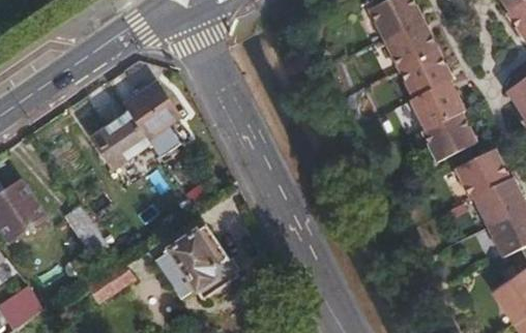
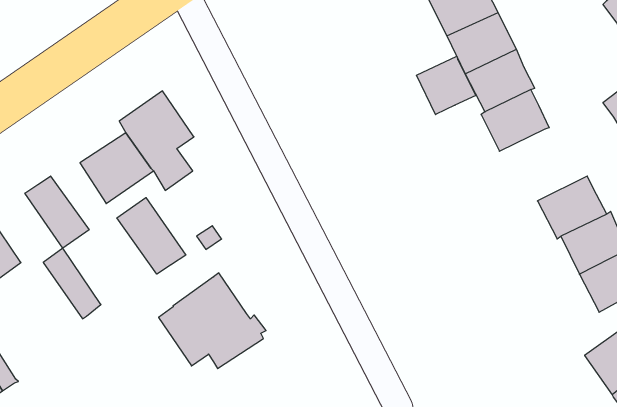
building: none -> [416,56,476,115]
building: [421,111,476,162] -> none
building: none -> [25,176,89,248]
building: none -> [117,198,186,274]
building: [88,261,135,302] -> none

